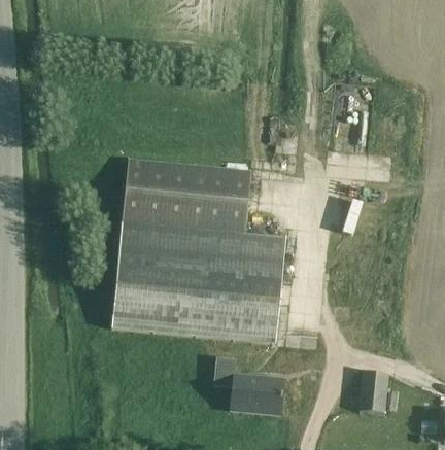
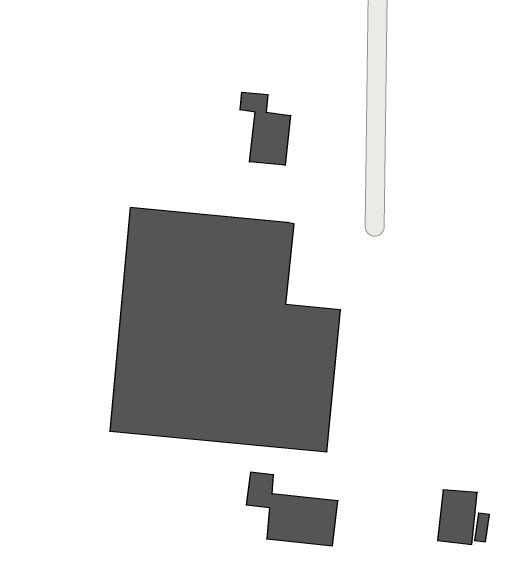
building: none -> [240,92,291,165]

